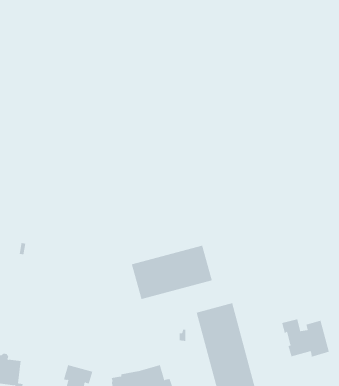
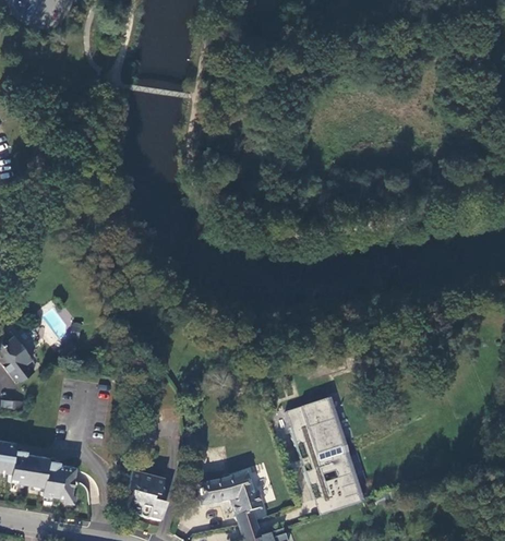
building: [131,245,212,300] -> none
building: [281,318,330,358] -> none

